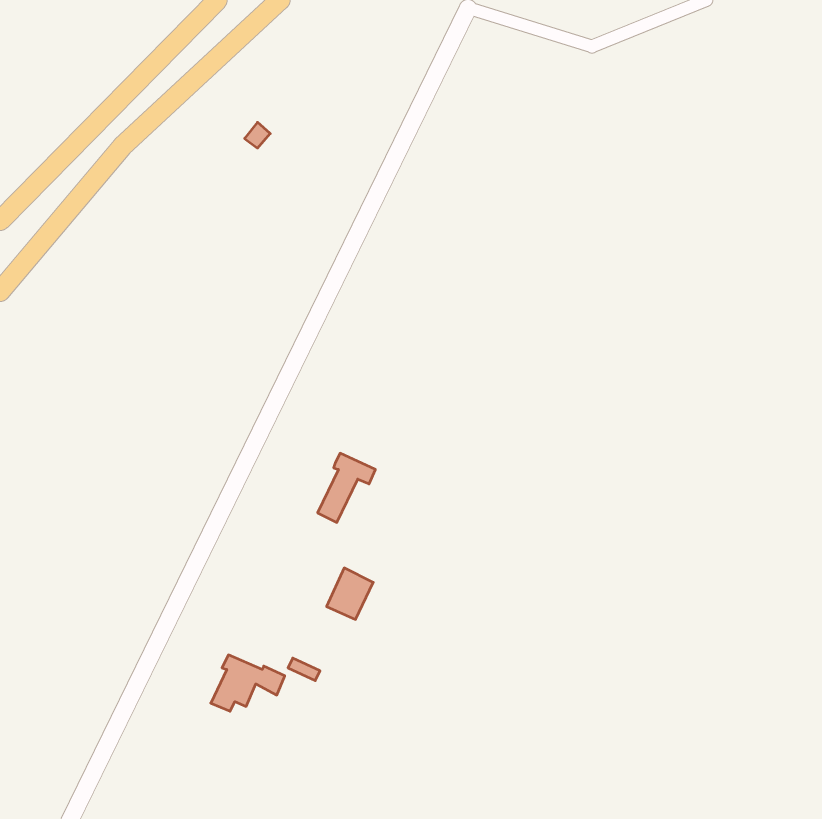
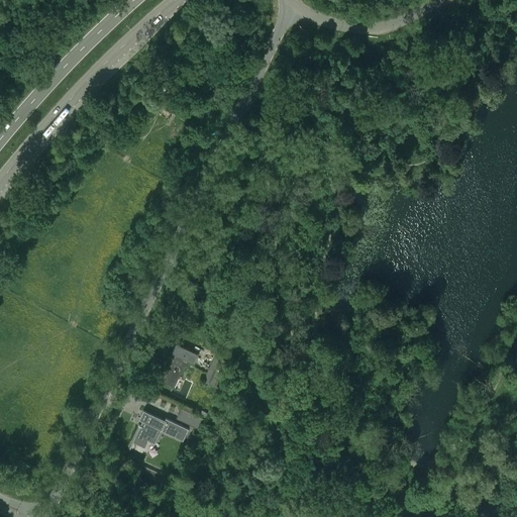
building: [318,453,375,522] -> [162,345,198,389]

